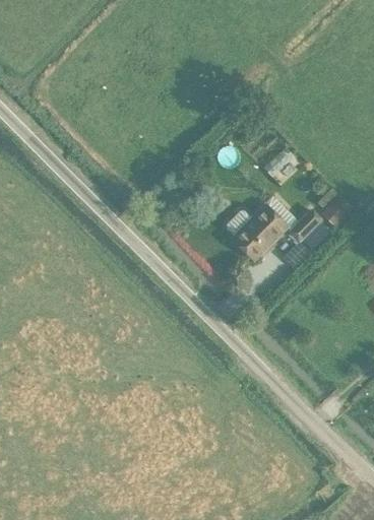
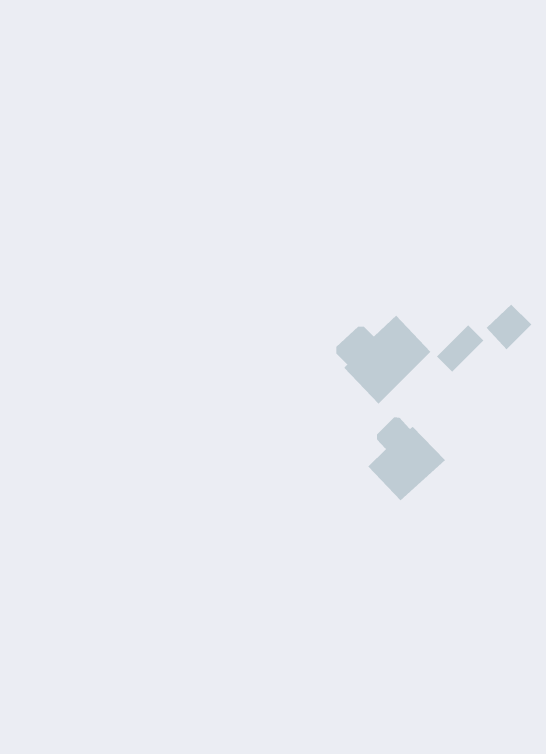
building: none -> [368,417,446,501]

